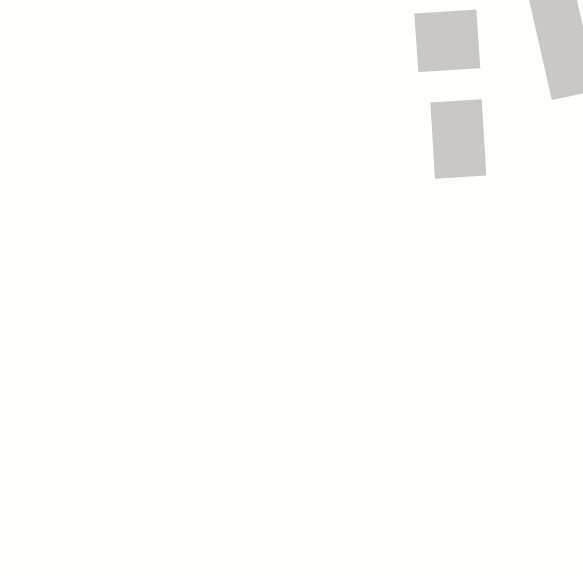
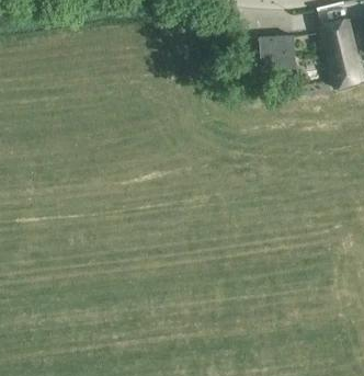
building: [430,98,487,179] -> none

